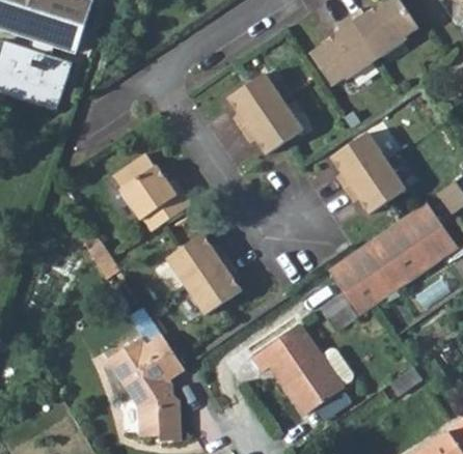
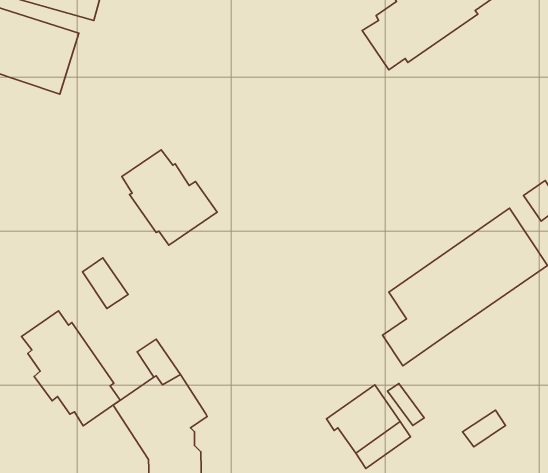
building: [226,74,298,151] -> none
building: [332,132,407,212] -> none
building: [166,236,240,316] -> none
building: none -> [22,311,120,426]
building: [257,322,318,372] -> none

